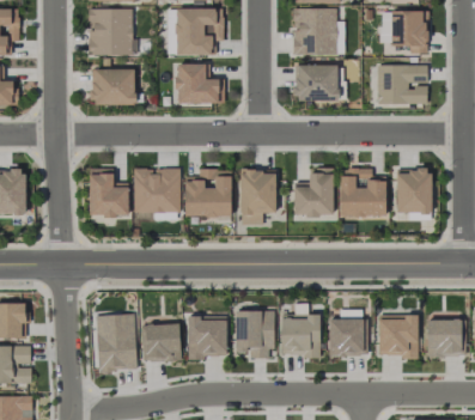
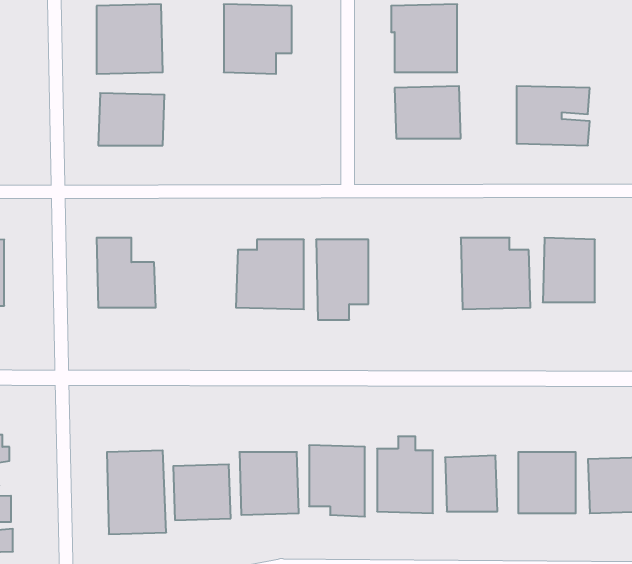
building: [380,10,426,54] -> none
building: [176,63,219,103] -> none
building: [133,168,181,213] -> none
building: [293,169,333,215] -> none

